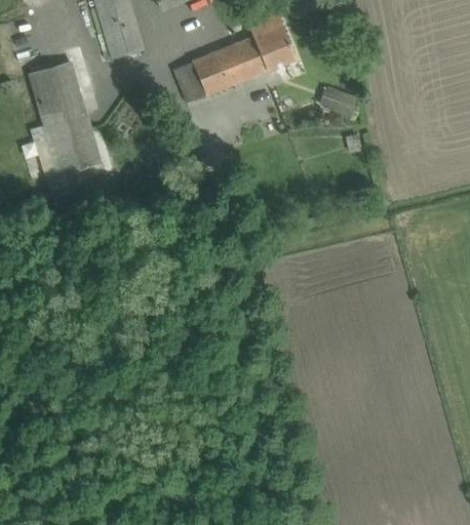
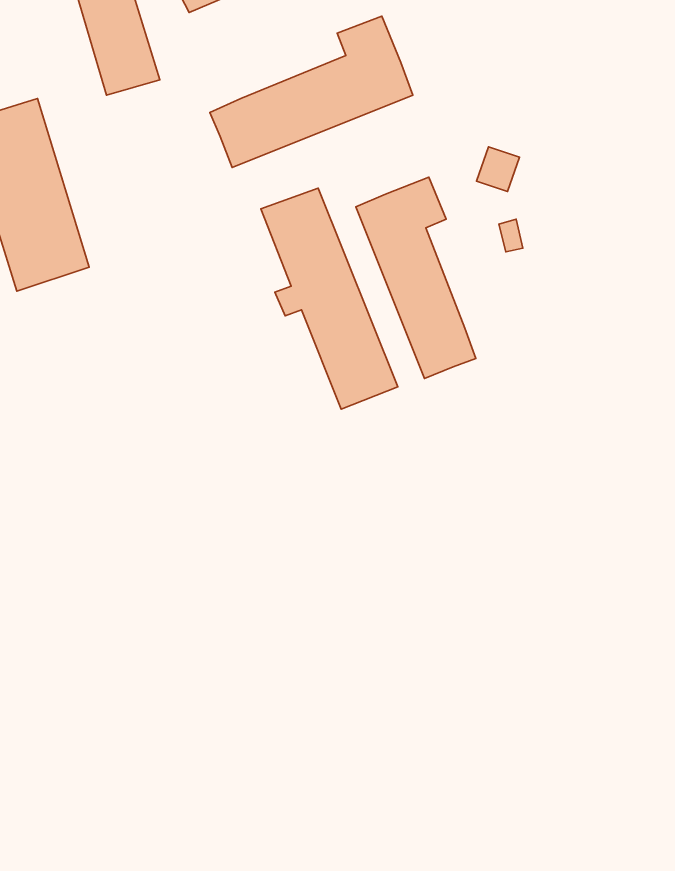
building: none -> [356,177,476,379]
building: none -> [261,188,398,409]

